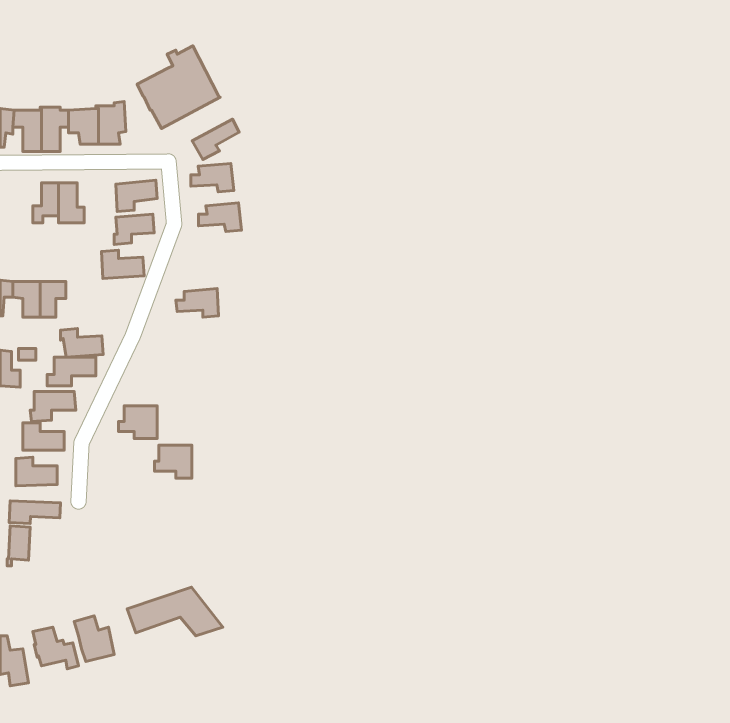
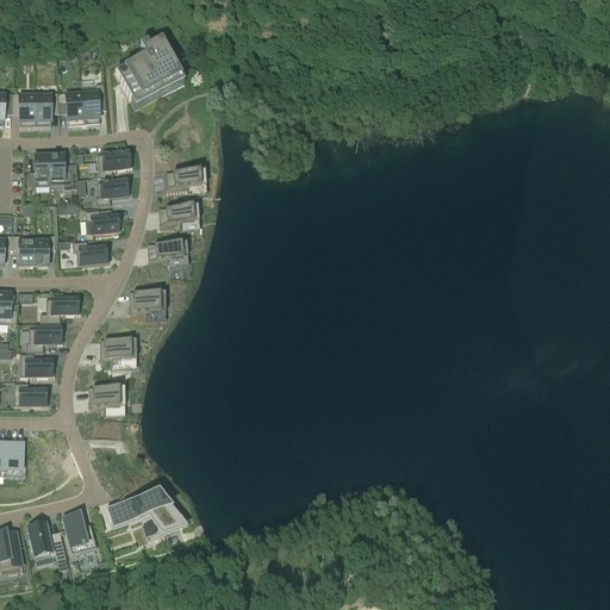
building: [192,119,239,160] -> none
building: [191,163,234,192] -> [158,205,194,229]
building: [60,329,103,357] -> [73,239,108,263]
building: none -> [129,291,160,318]
building: [155,445,192,478] -> [88,386,119,413]
building: [9,501,61,523] -> none

